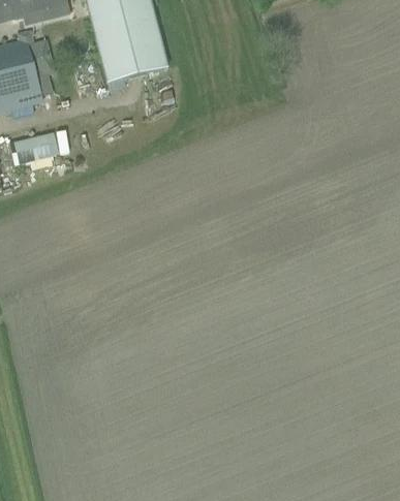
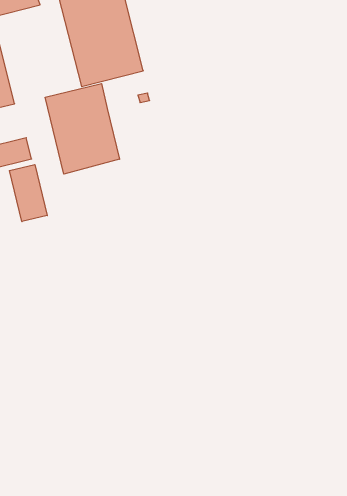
building: none -> [45,84,120,174]
building: none -> [9,165,47,222]

